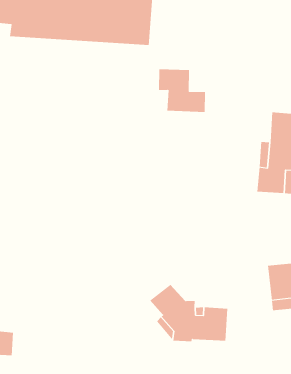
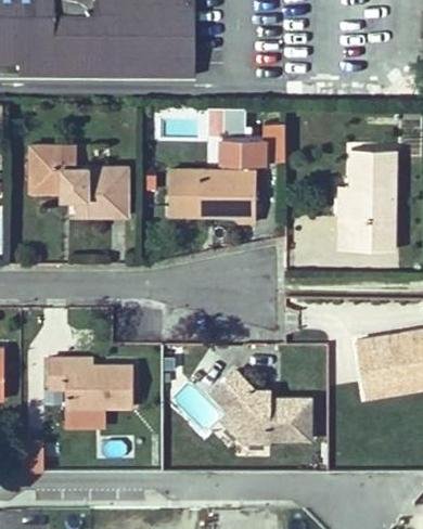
building: none -> [30,145,128,217]
building: none -> [169,169,257,222]
building: none -> [49,360,133,408]

